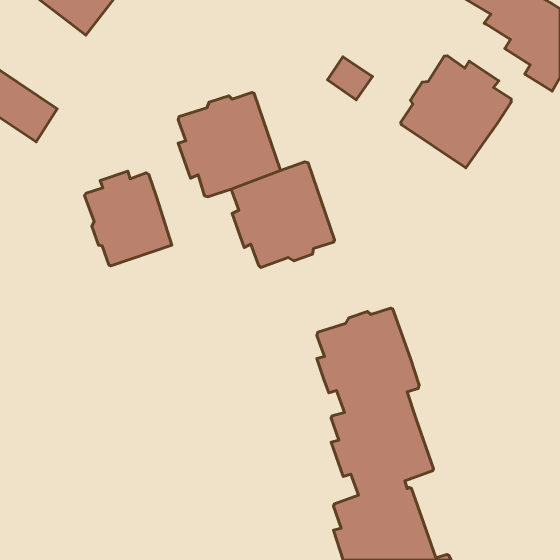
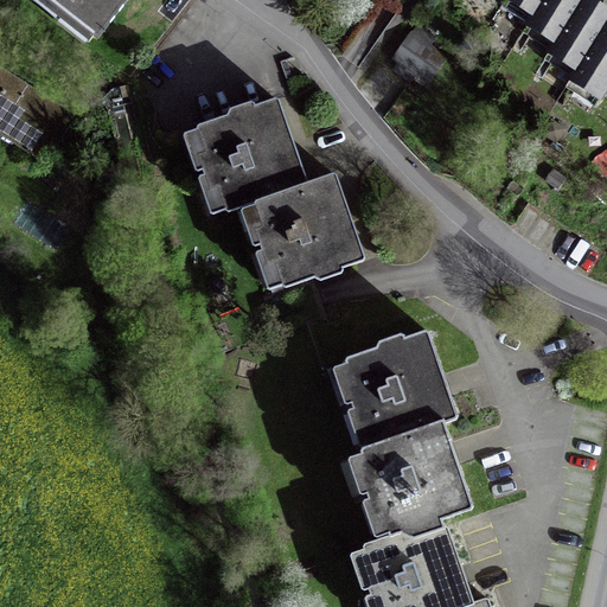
building: [401,56,511,168] -> none
building: [327,57,373,100] -> [394,33,442,79]
building: [85,171,172,266] -> none

